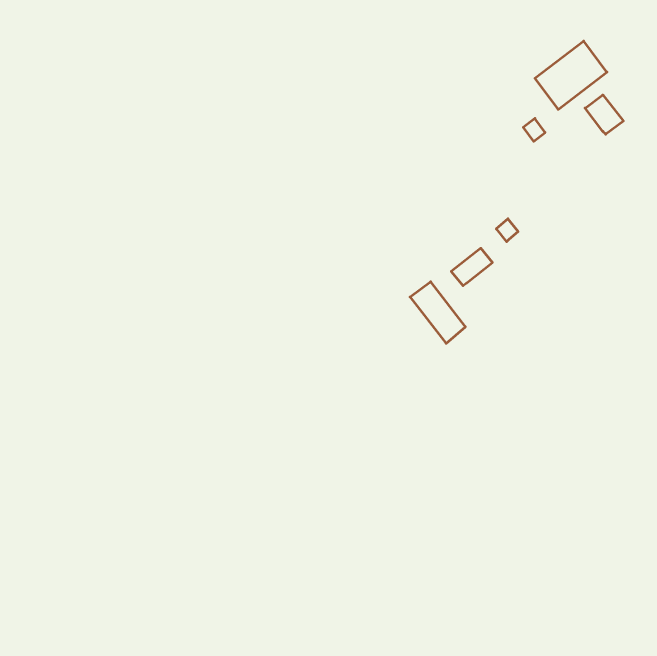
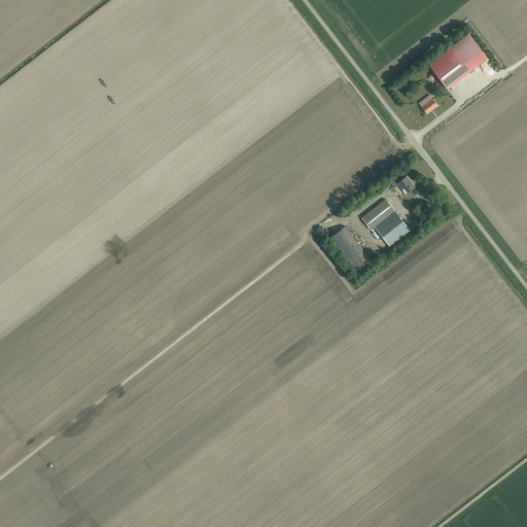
building: [585,95,623,134] -> none
building: none -> [374,210,410,245]

